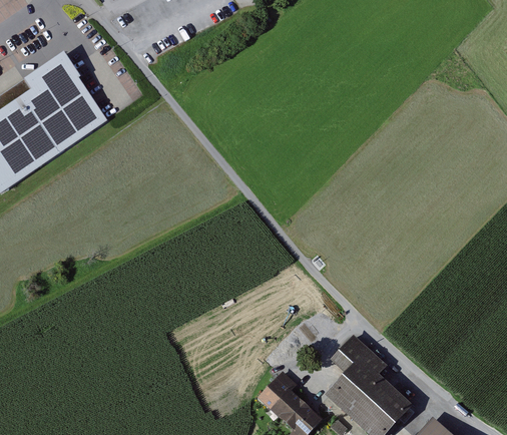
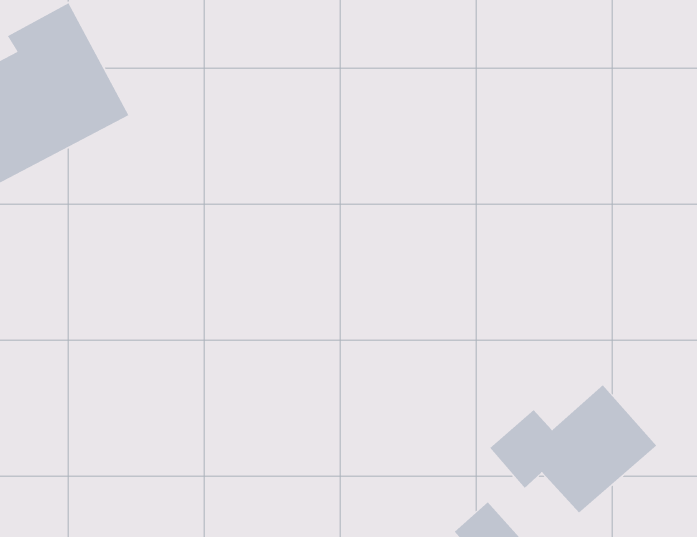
building: none -> [489,385,657,514]

